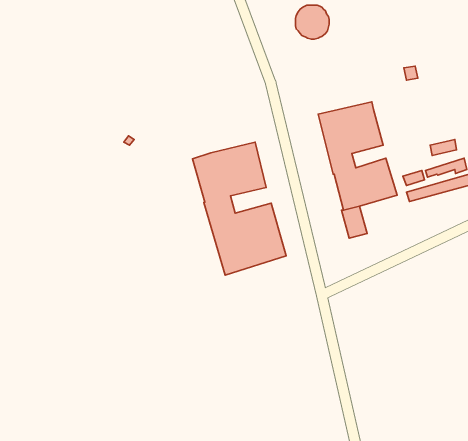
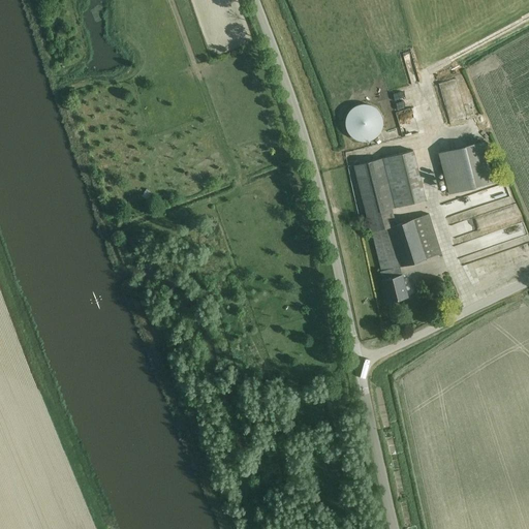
building: [295,5,329,39] -> [345,105,382,143]
building: none -> [439,143,491,194]
building: [193,142,286,275] -> none

